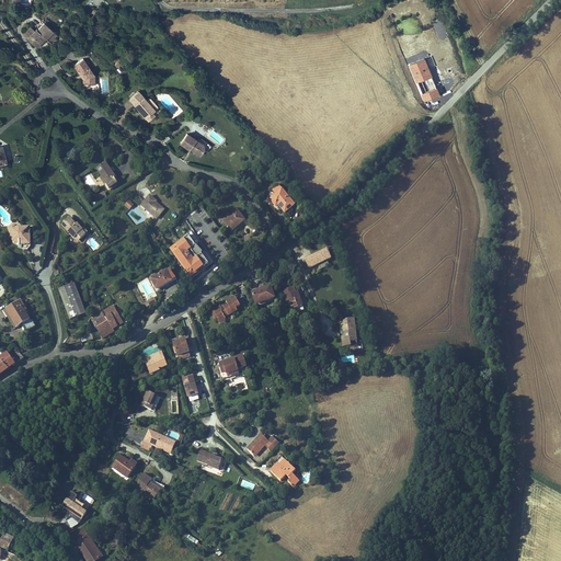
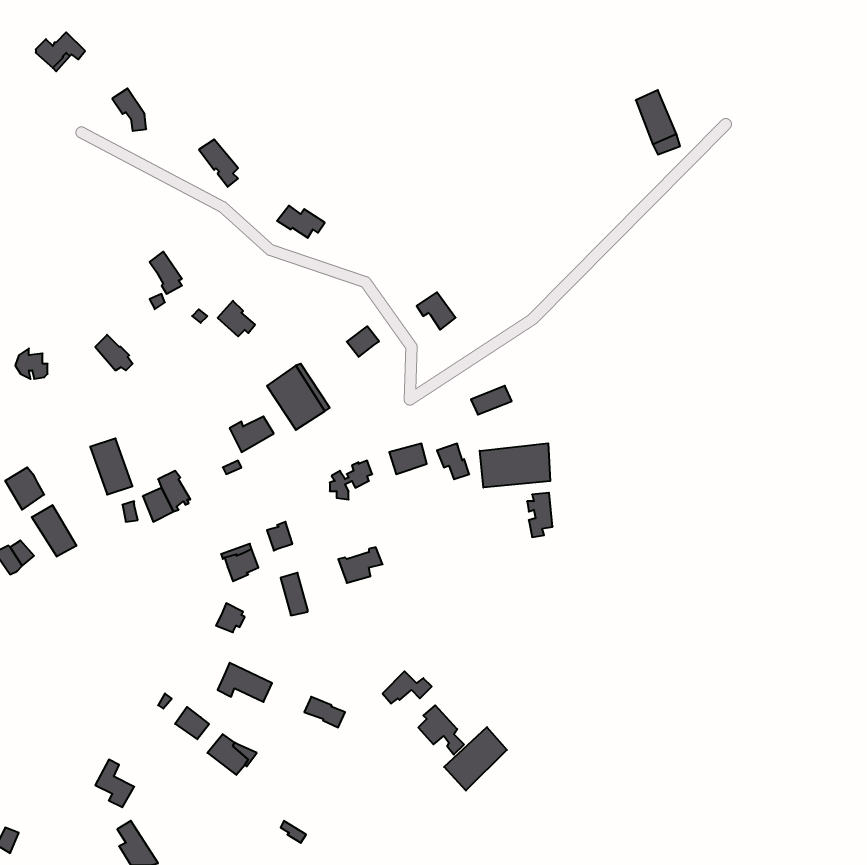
building: none -> [480,443,550,488]
building: none -> [32,505,76,557]
building: none -> [444,727,507,791]

